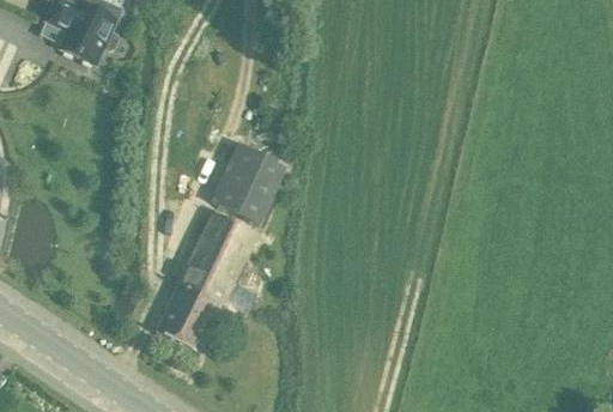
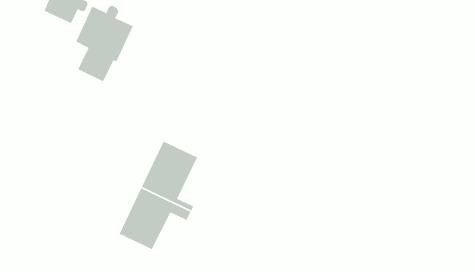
building: none -> [75,5,134,82]
building: [211,140,287,223] -> none

